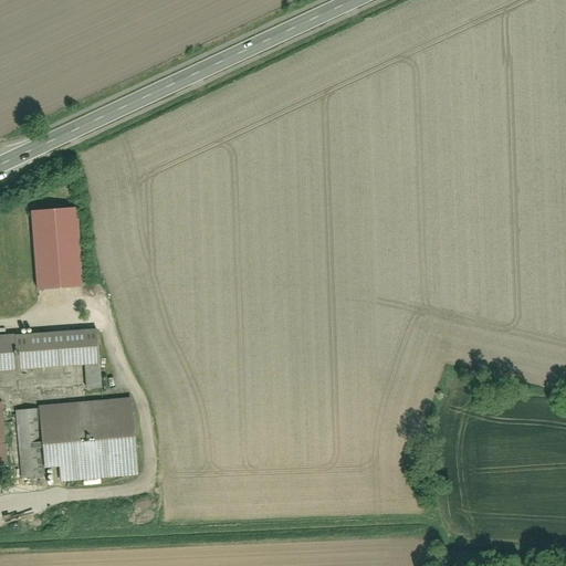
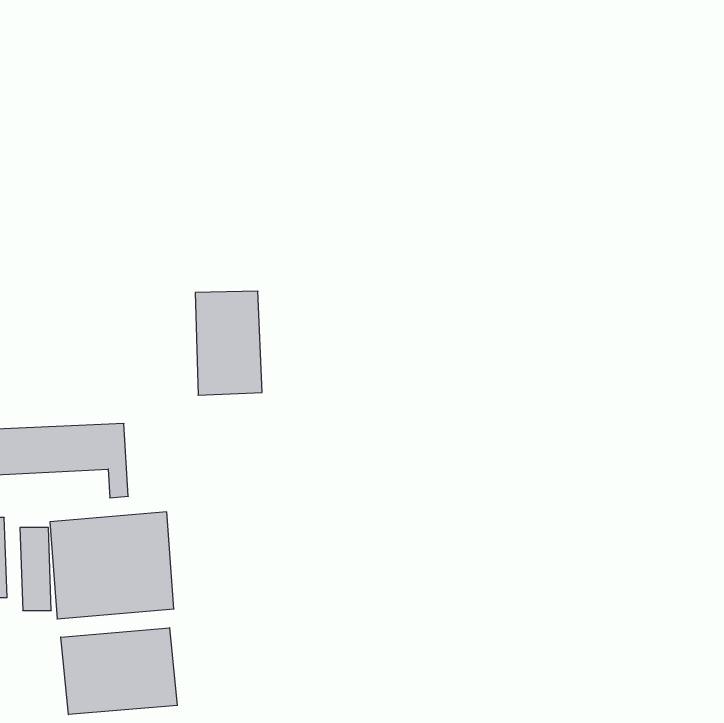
building: [31,208,83,289] -> [195,291,262,395]
building: none -> [61,628,177,715]

